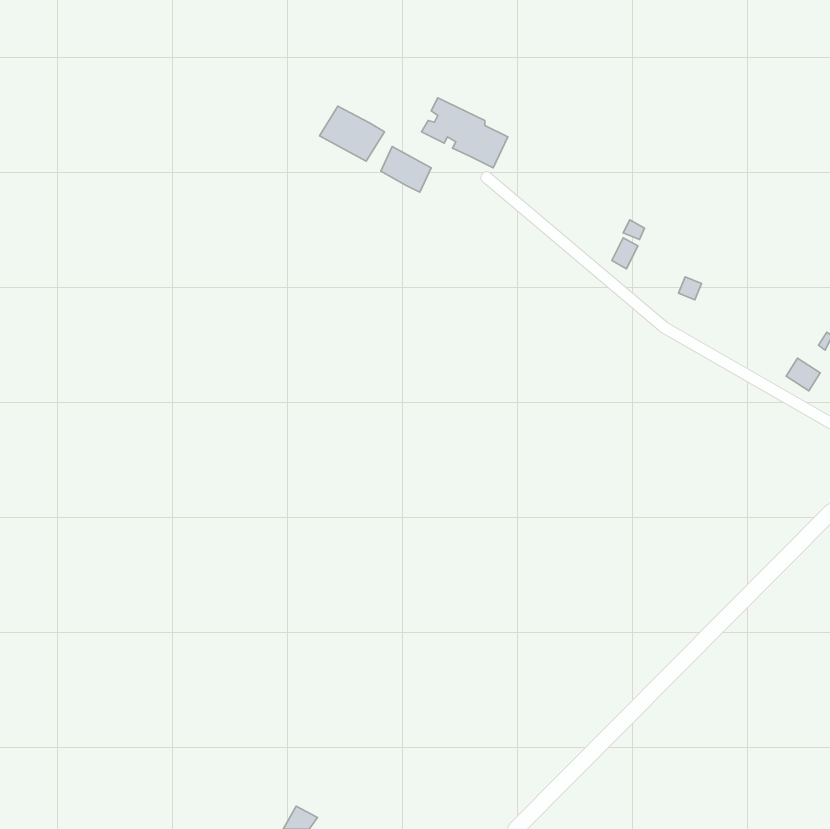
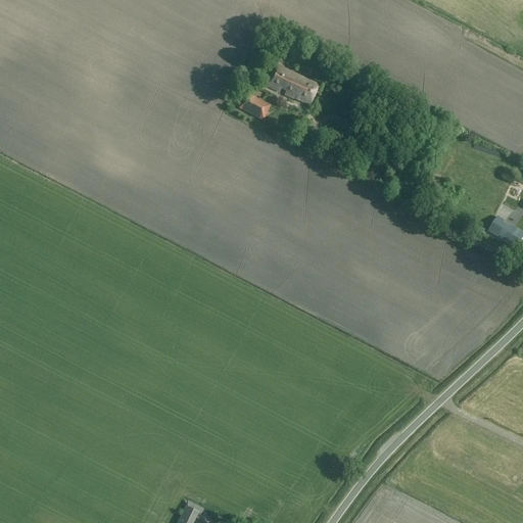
building: [320,106,385,161] -> none

